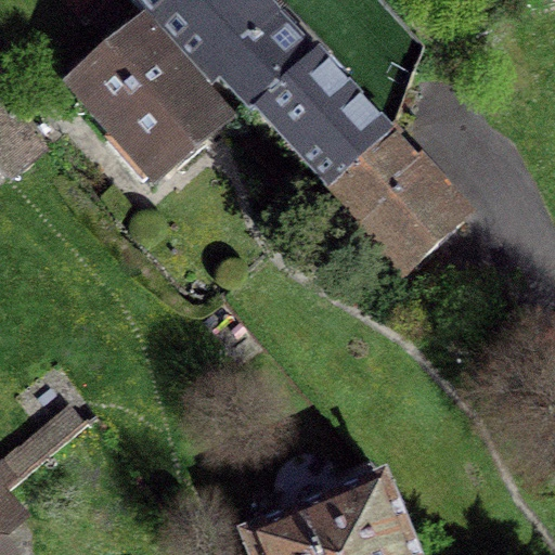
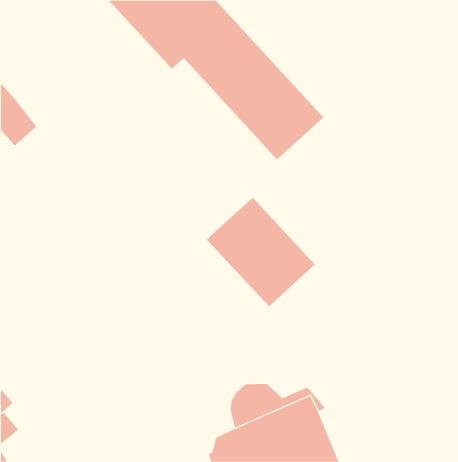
building: [80,35,227,182] -> none
building: [337,141,468,273] -> [206,197,315,307]

